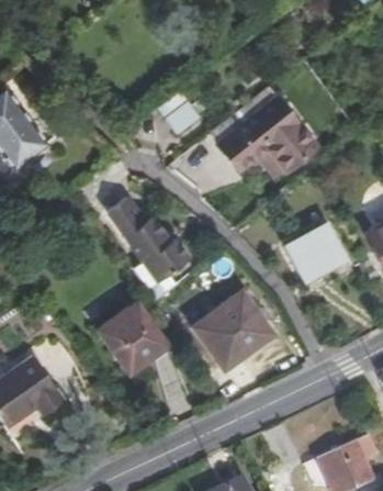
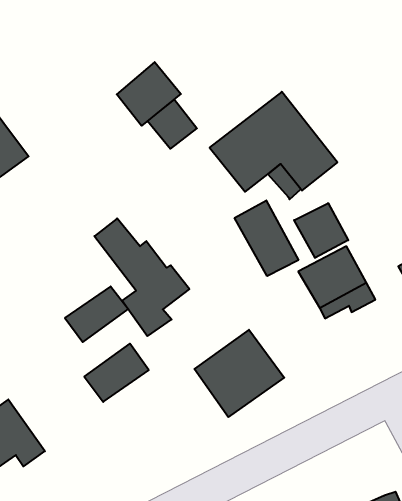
building: none -> [117,62,181,126]
building: none -> [235,200,298,276]
building: none -> [294,203,348,258]
building: [114,328,169,377] -> [65,286,128,342]

